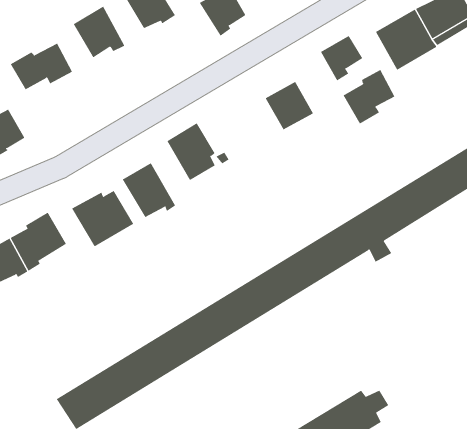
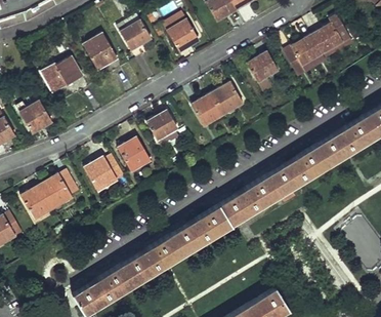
building: [343,69,395,124] -> none
building: none -> [192,94,223,127]

